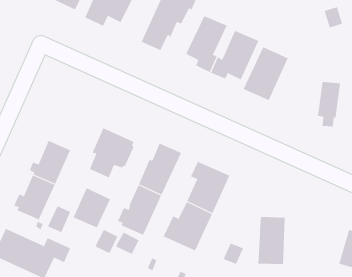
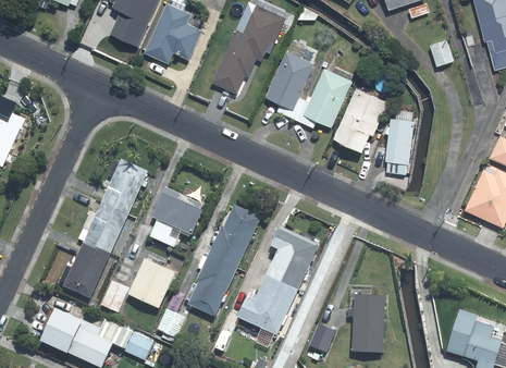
building: [317,81,341,127] -> [385,120,414,174]
building: none -> [100,157,147,212]
building: [115,232,140,255] -> [122,331,151,358]

